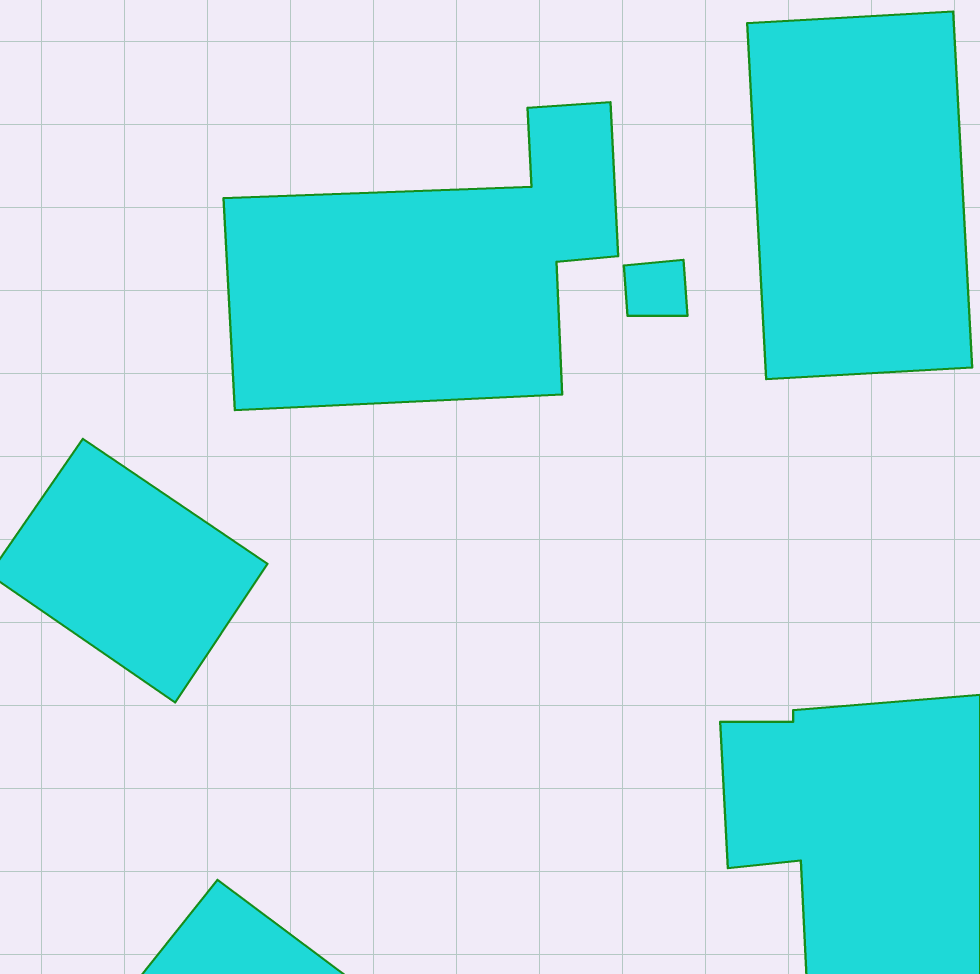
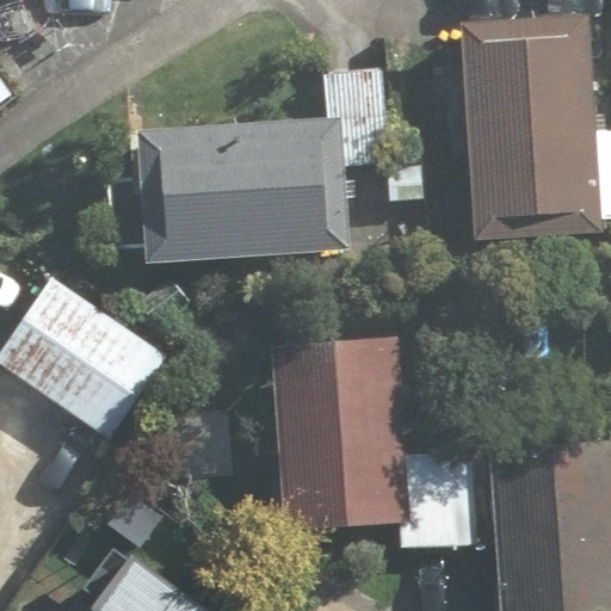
building: none -> [270,337,451,547]

